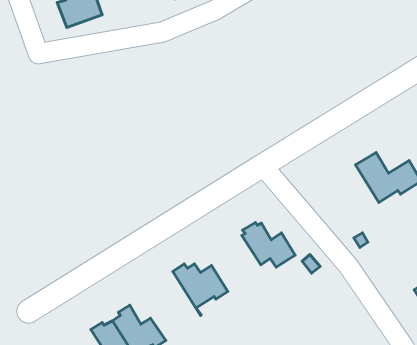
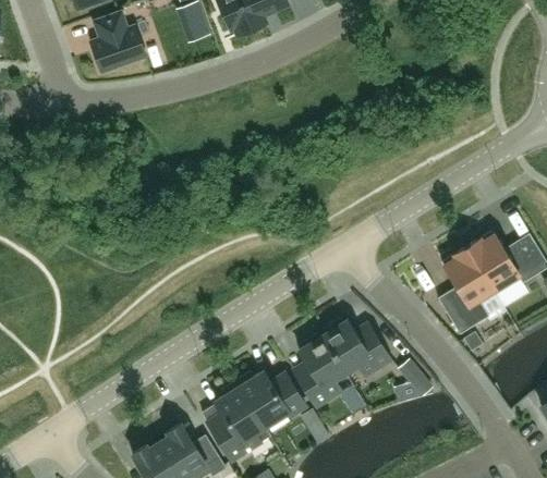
building: none -> [439,245,497,333]
building: none -> [300,332,348,406]
building: none -> [208,380,271,459]

